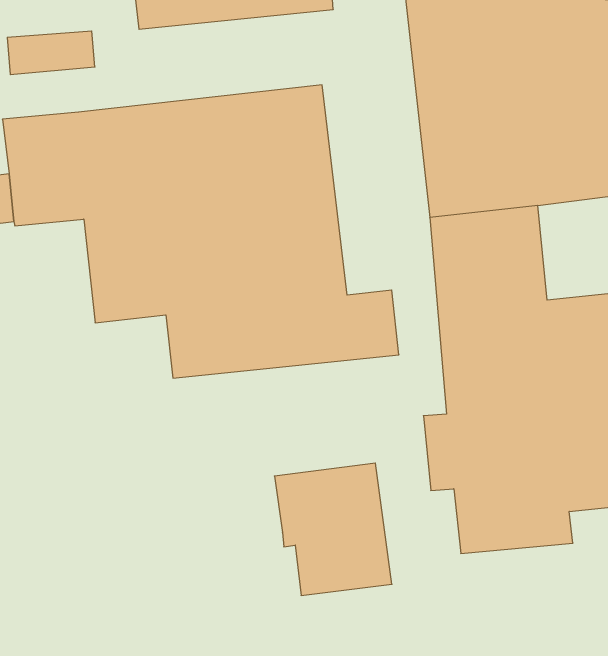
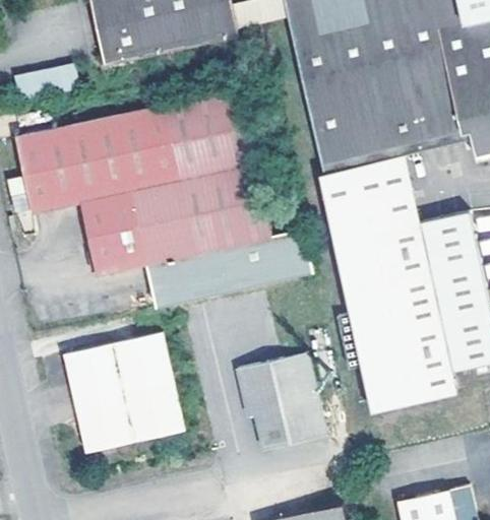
building: none -> [62,332,183,451]

